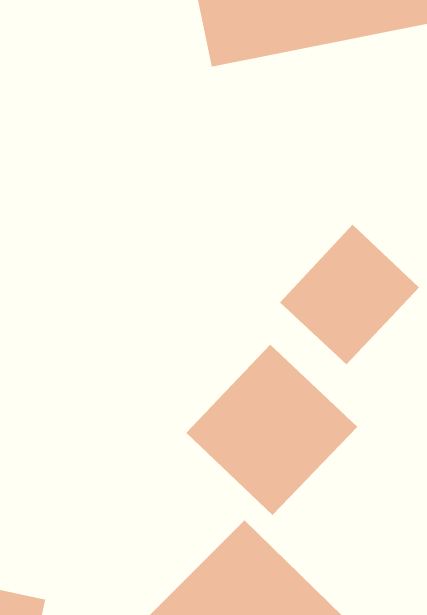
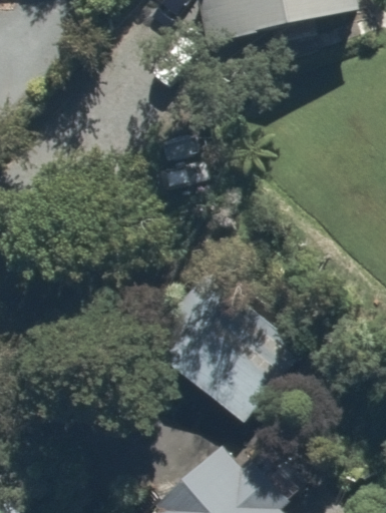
building: [279,224,420,365] -> none

